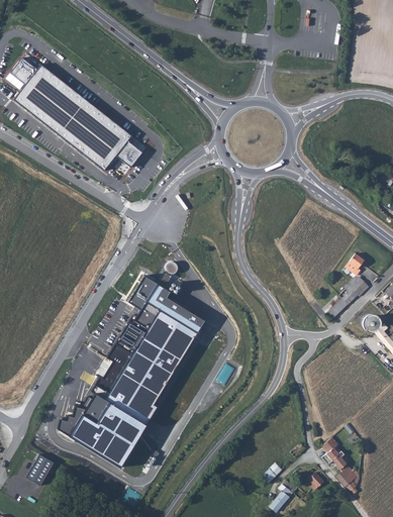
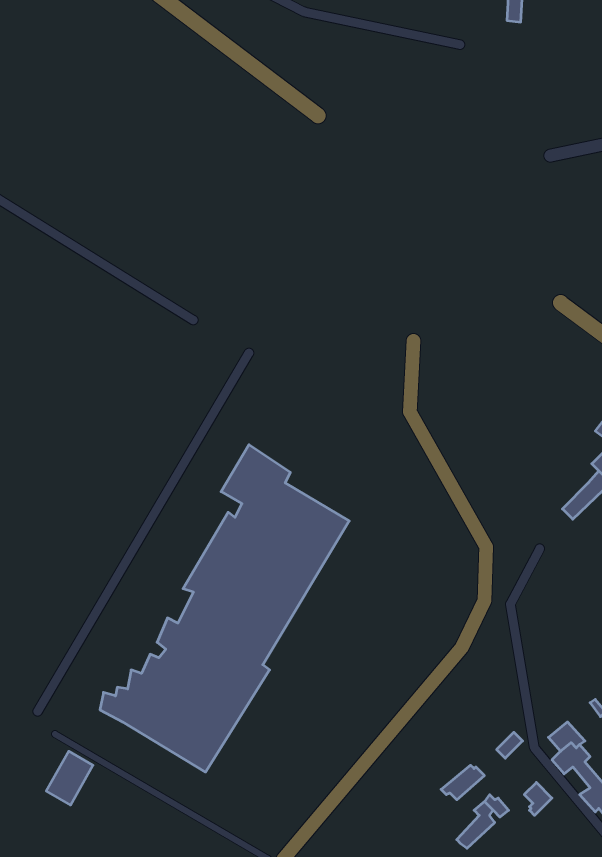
building: [11,58,142,171] -> none

